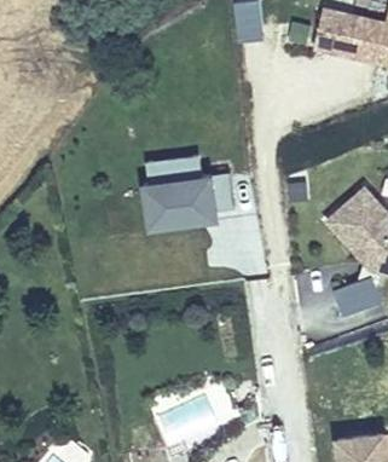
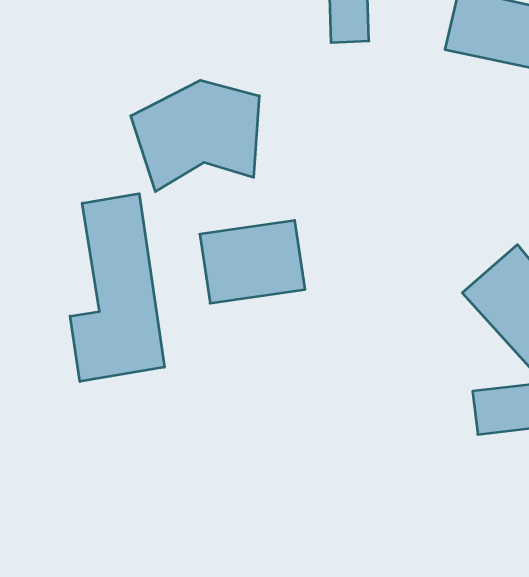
building: none -> [131,80,259,192]
building: none -> [70,194,164,382]

